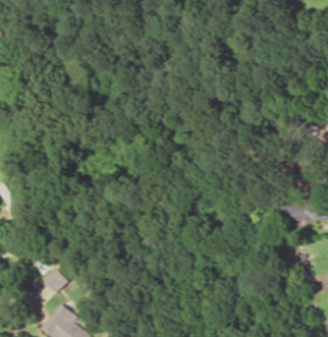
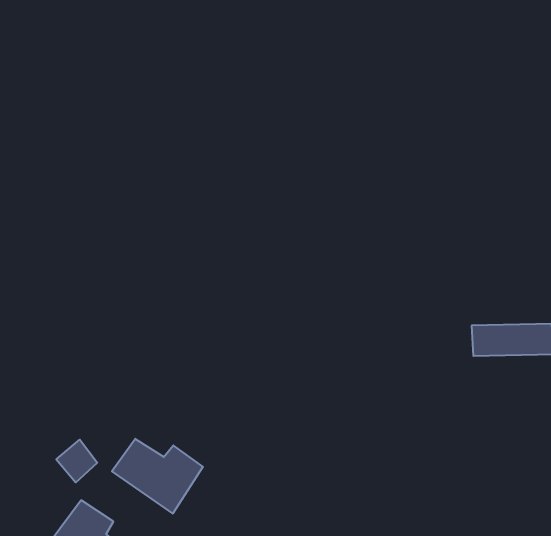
building: none -> [112,439,203,514]

